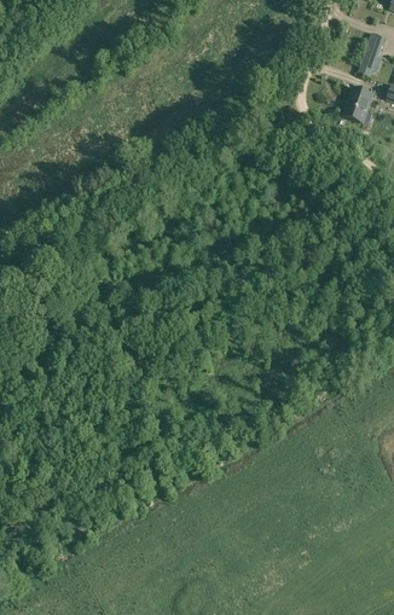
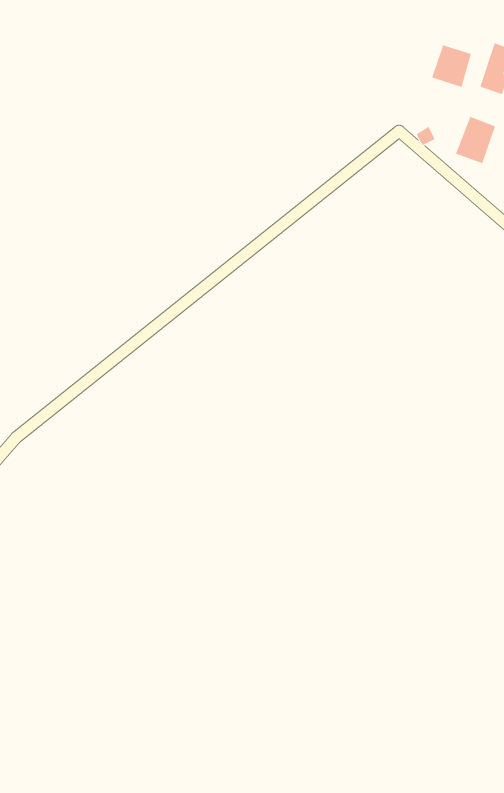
building: none -> [432,44,472,88]

